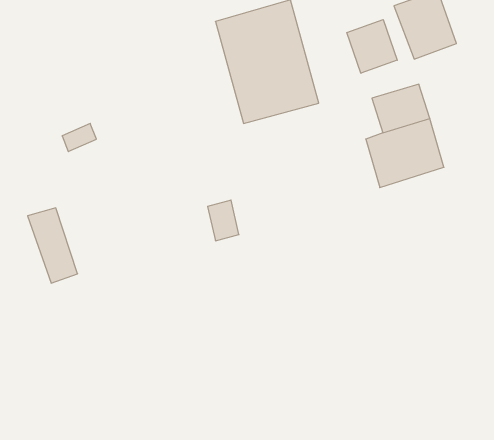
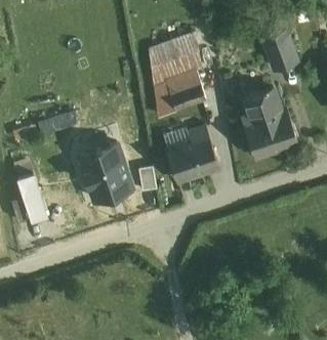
building: [347,20,397,73] -> none
building: none -> [164,134,219,183]
building: none -> [77,142,127,201]

